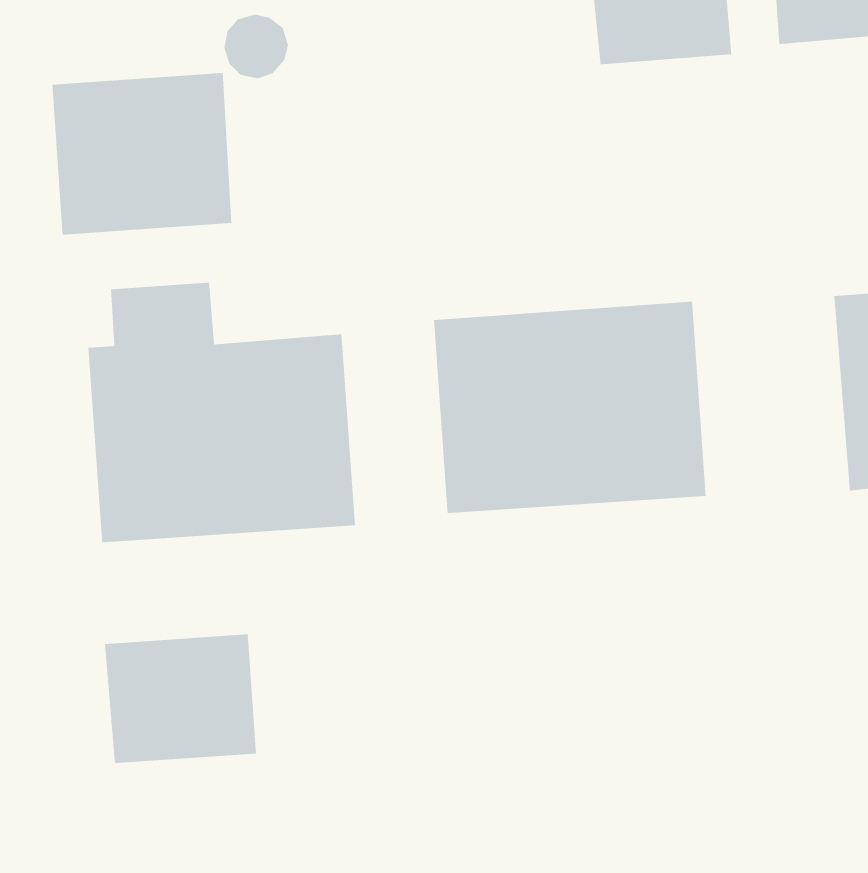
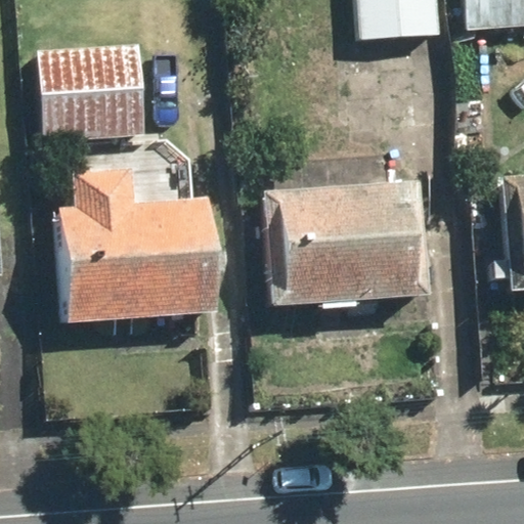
building: [104,633,257,764] -> none

